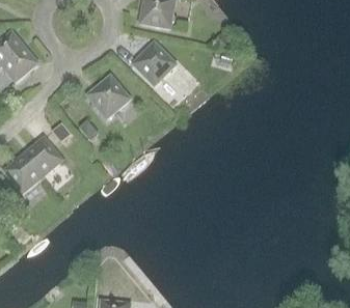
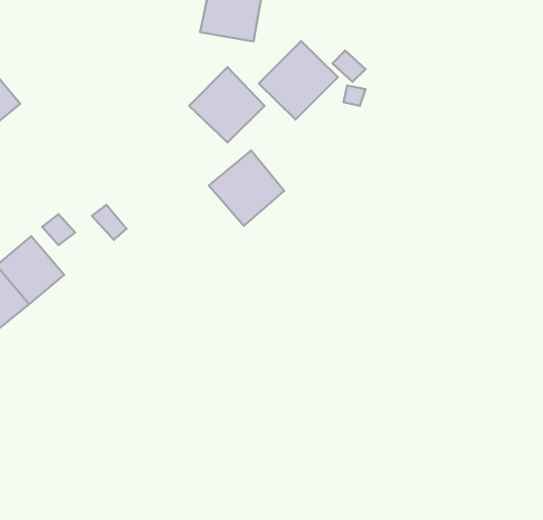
building: none -> [259,41,338,119]
building: [87,75,130,117] -> [209,151,284,226]

